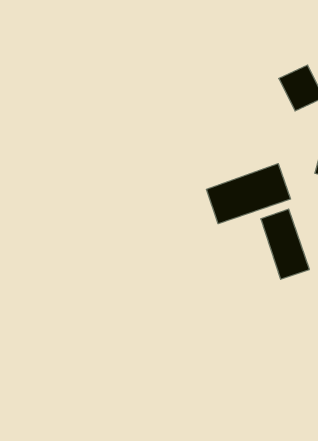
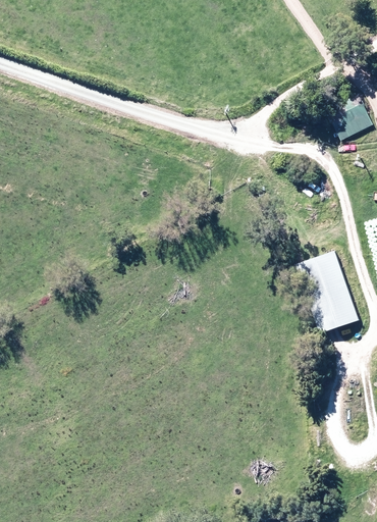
building: [207,164,290,224] -> none

